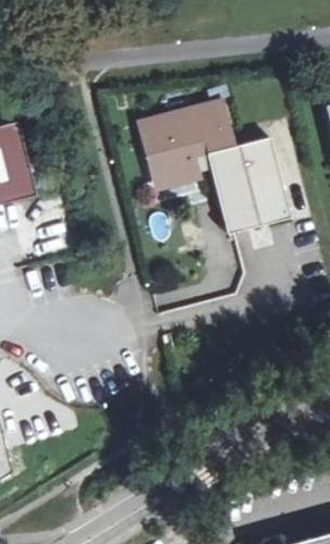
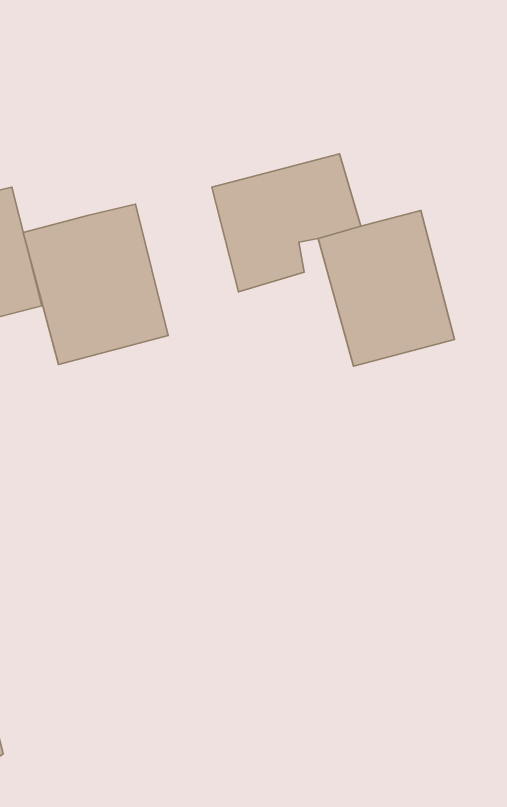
building: none -> [23,204,168,364]

